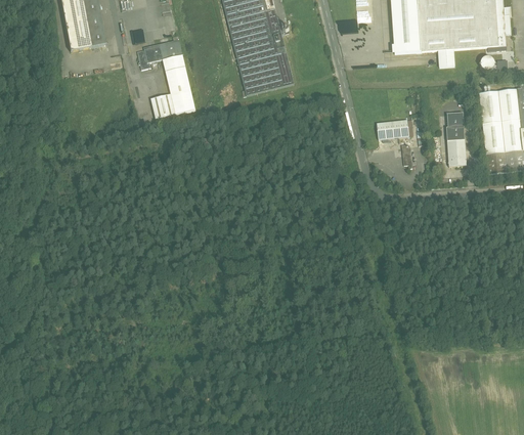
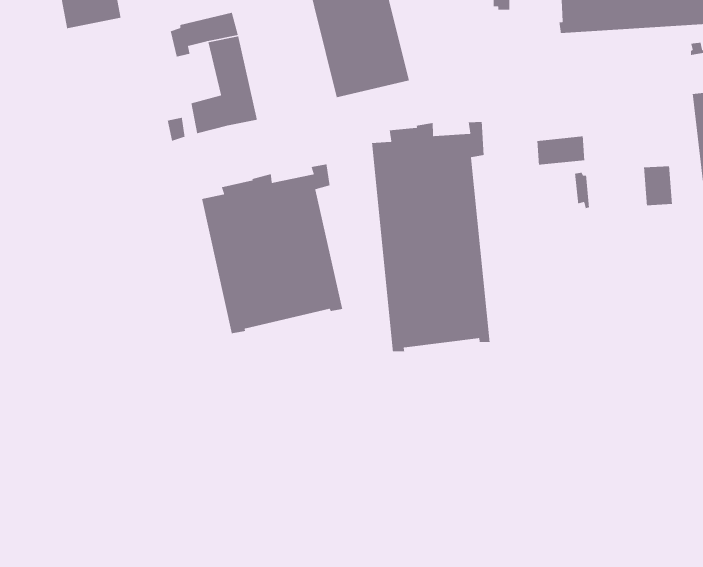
building: none -> [371,121,491,352]
building: [445,112,464,139] -> none
building: none -> [201,163,343,334]

